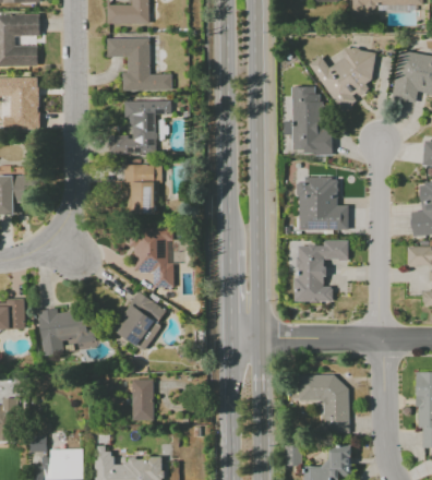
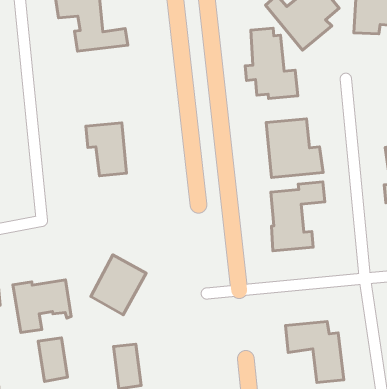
building: [109,100,171,154] -> none
building: [130,227,173,286] -> none
building: none -> [38,338,68,381]

